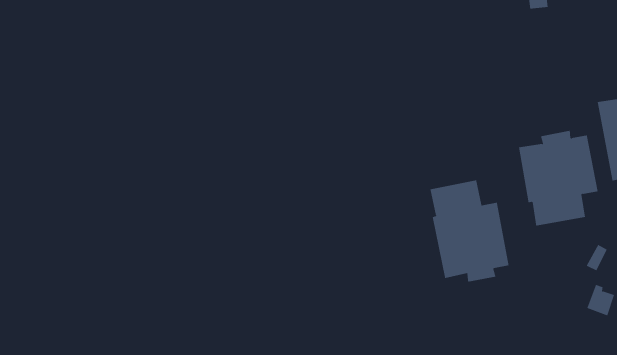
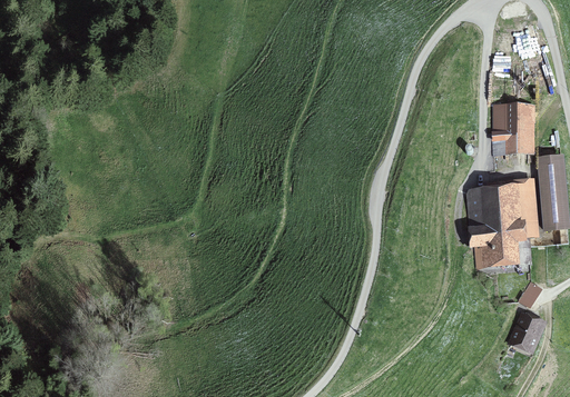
building: none -> [493,105,528,153]
building: [430,179,509,283] -> none

